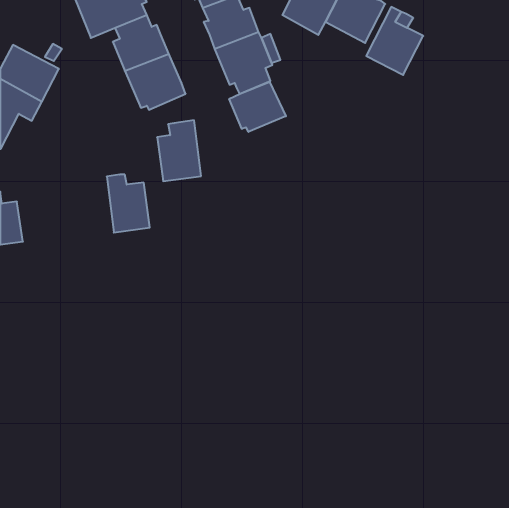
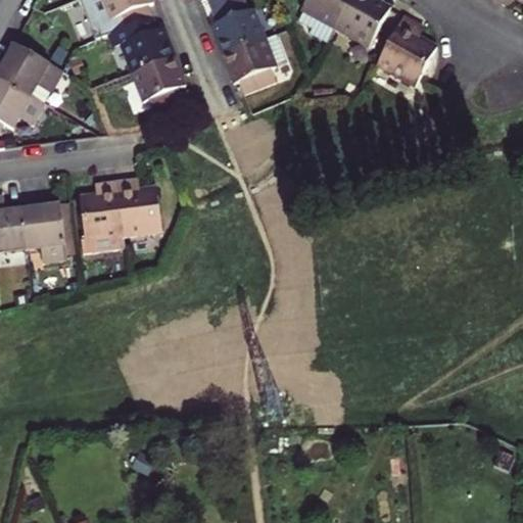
building: [229,82,286,132] -> none
building: [157,120,201,181] -> [73,181,117,243]
building: none -> [18,201,63,260]

